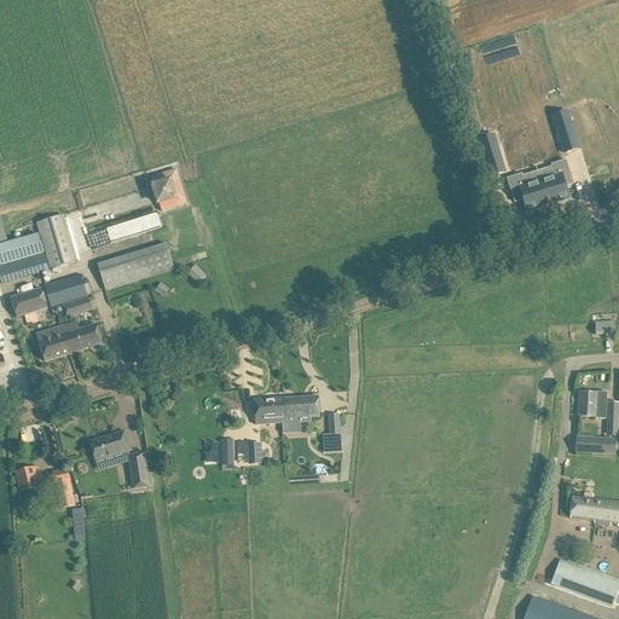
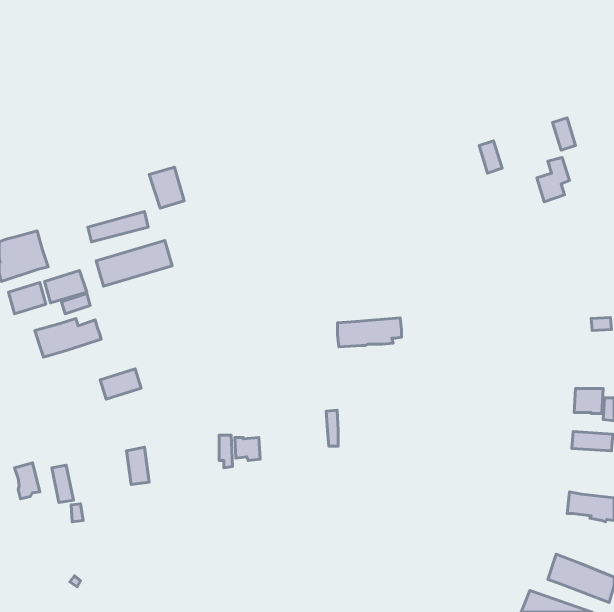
building: [507,172,546,209] -> none
building: [35,213,76,267] -> none
building: [254,394,318,423] -> [338,318,401,347]
building: [88,429,129,459] -> [100,369,141,399]

